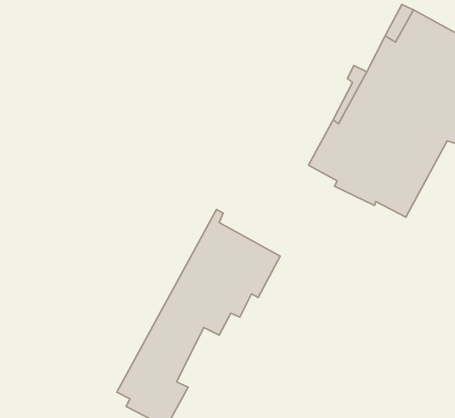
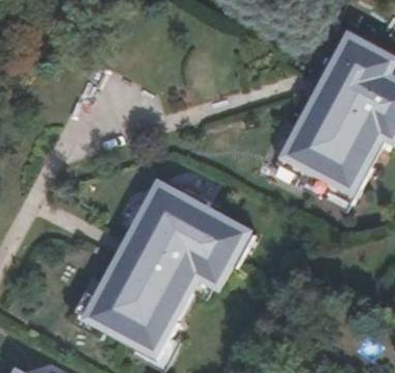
building: none -> [69,185,203,341]

